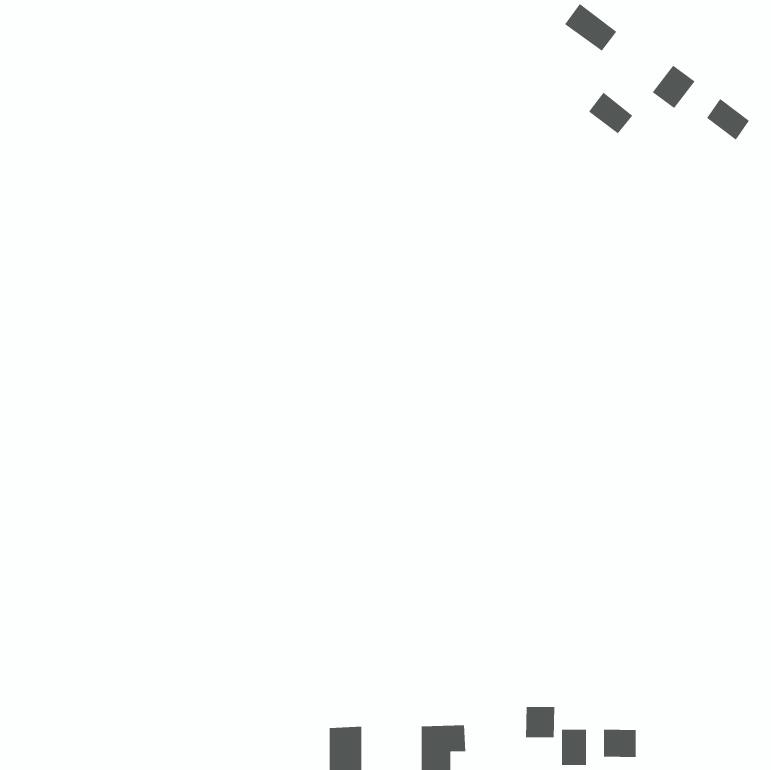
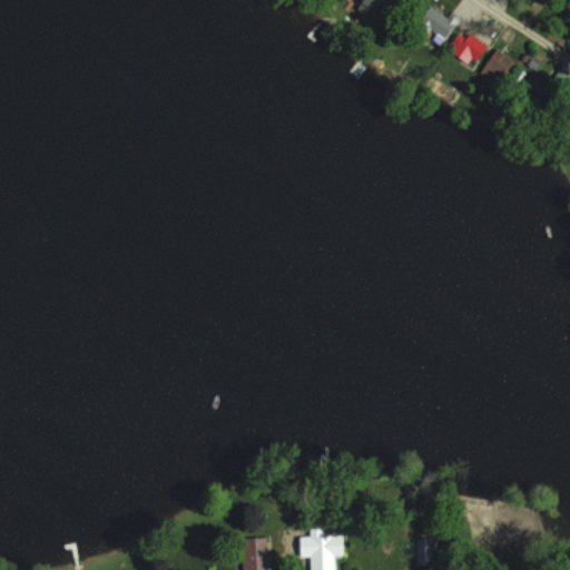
building: [588,92,633,134] -> [454,30,488,61]
building: [526,706,555,738] -> none
building: [604,729,636,758] -> none

